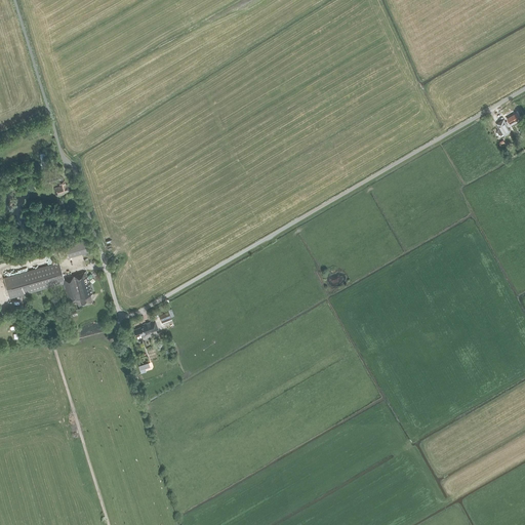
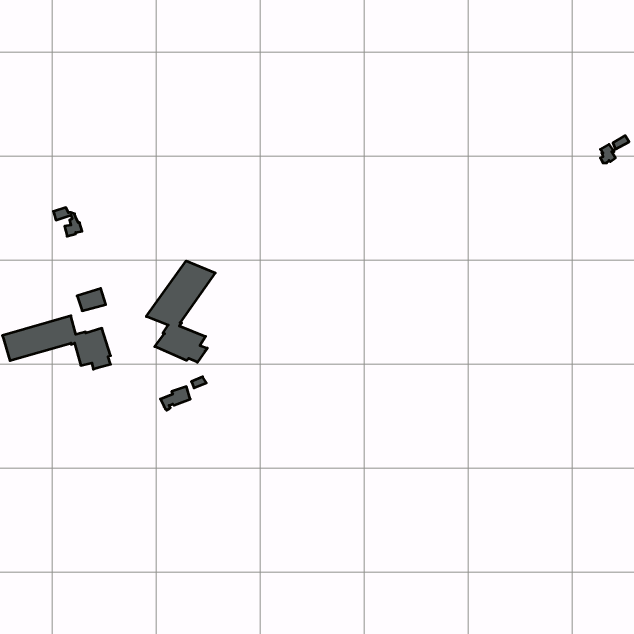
building: none -> [146,261,215,362]

